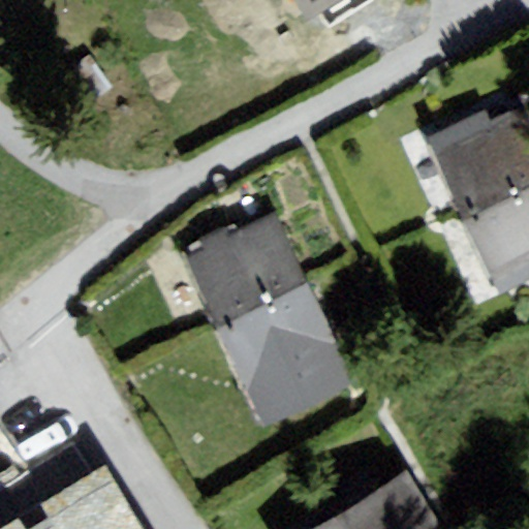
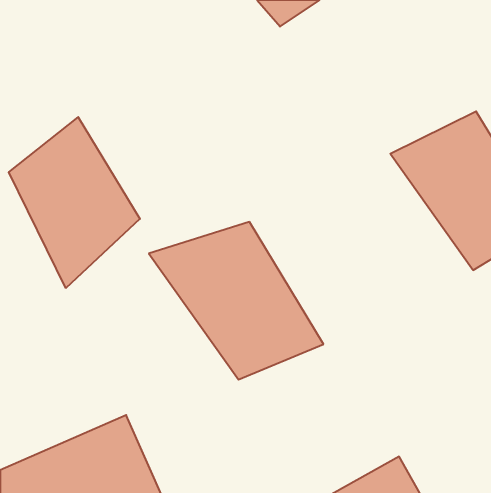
building: none -> [9,117,140,288]

